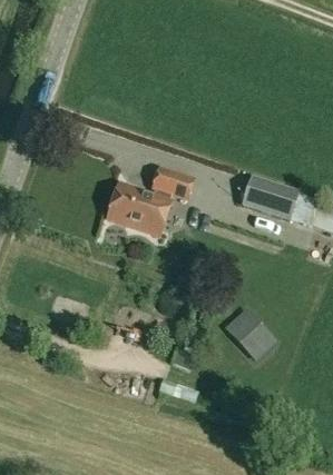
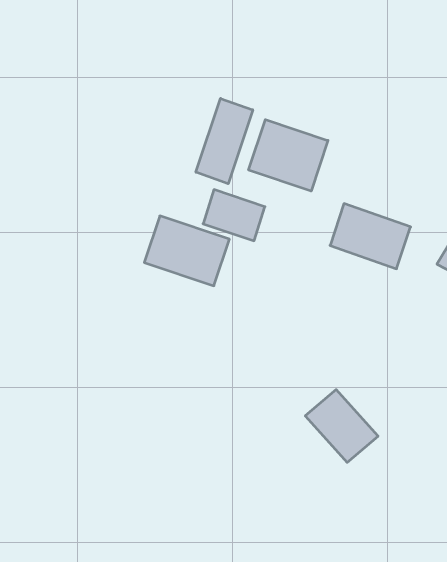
building: none -> [196,98,253,184]
building: none -> [249,120,328,191]

